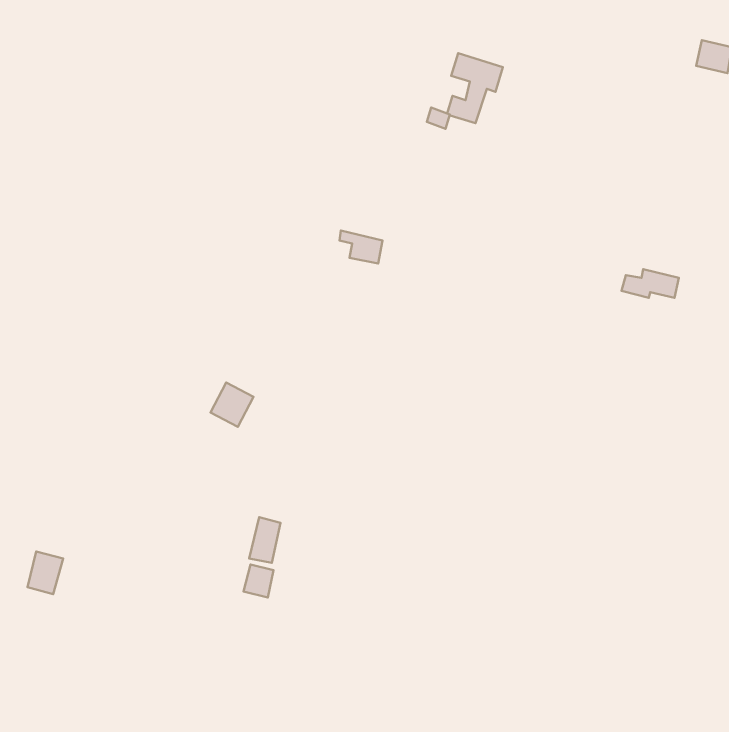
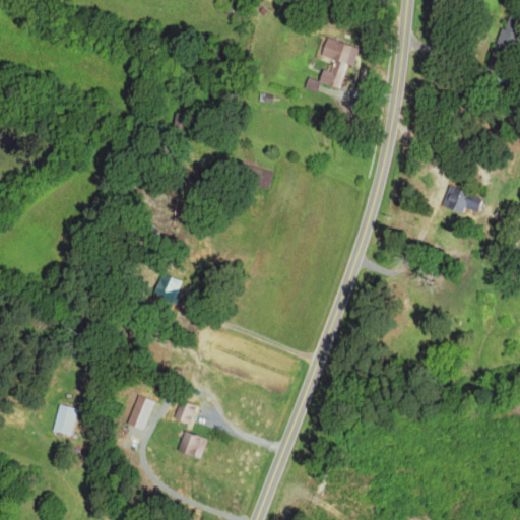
building: [249,517,281,563] -> [129,395,151,428]
building: [28,551,63,594] -> [54,404,79,435]
building: none -> [178,431,207,458]

